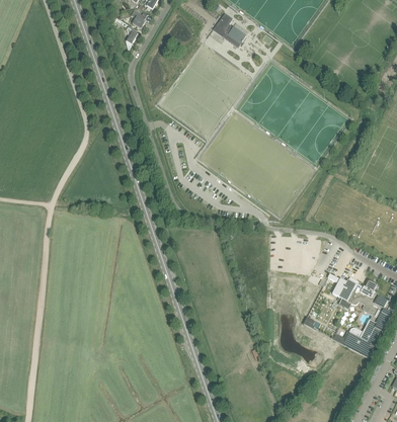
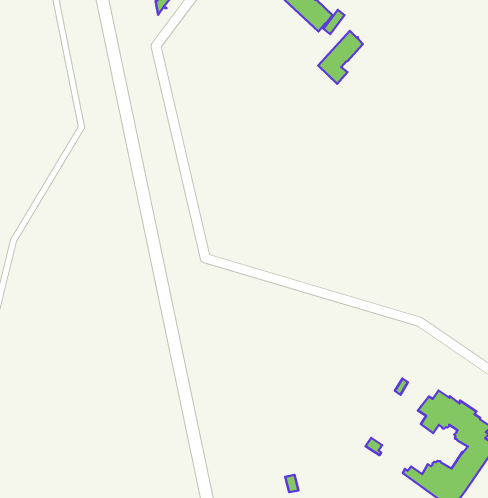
building: none -> [318,31,363,84]

